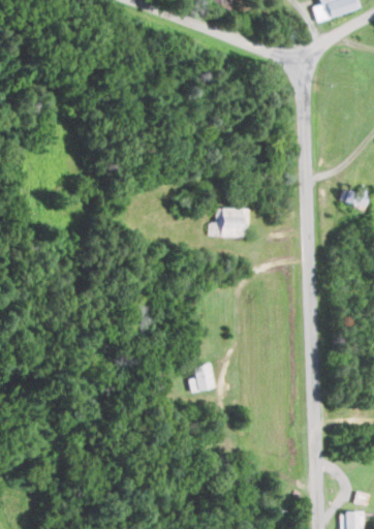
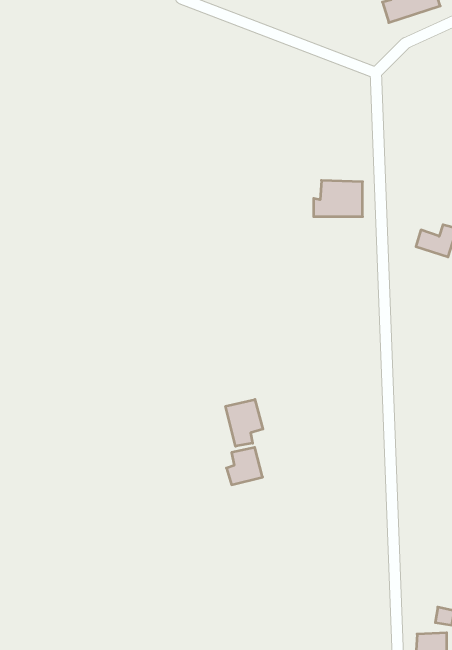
building: [209,208,248,237] -> [314,180,363,217]
building: none -> [226,399,263,446]

